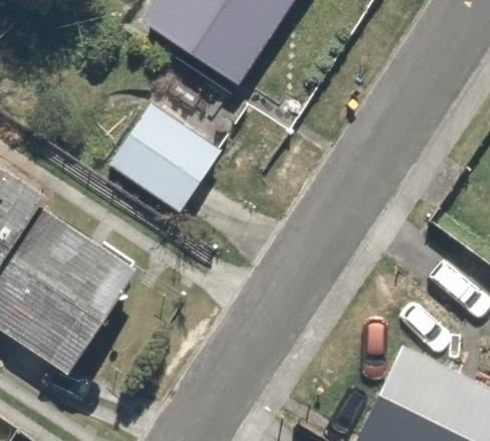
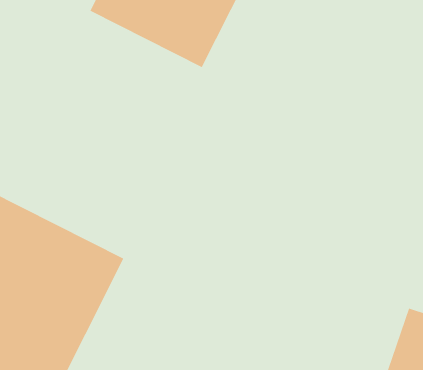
building: [98,85,229,216] -> none

